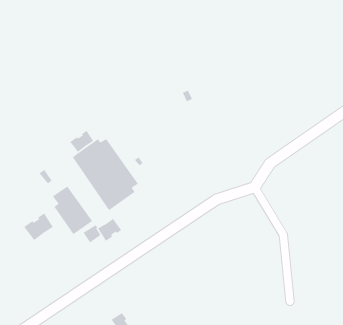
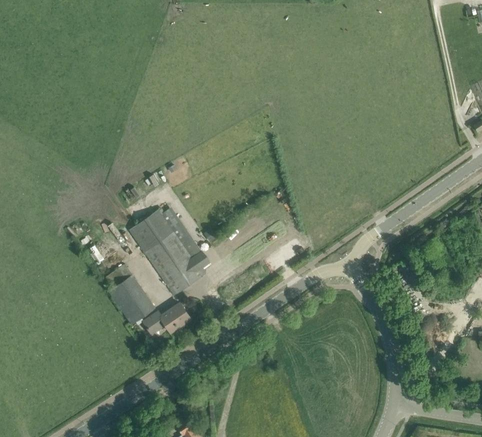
building: [69,130,94,153] -> none
building: [23,212,54,241] -> none

